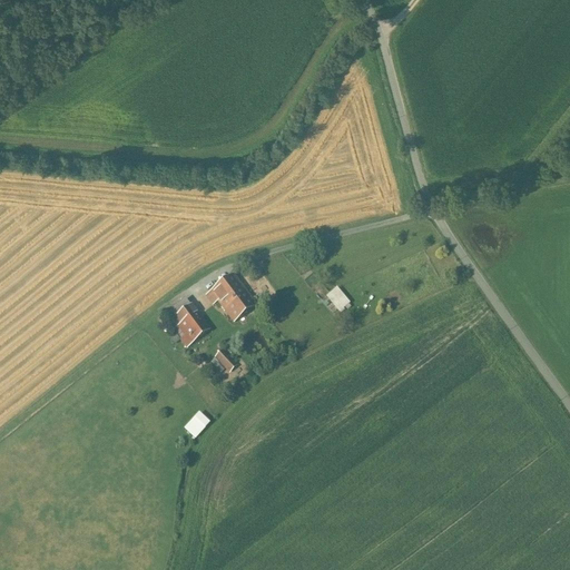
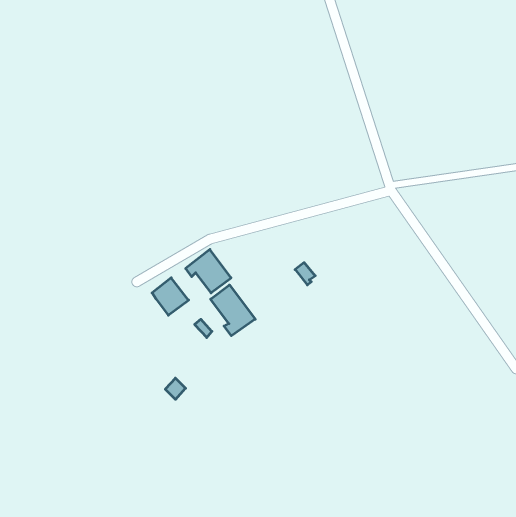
building: none -> [211,285,255,336]

